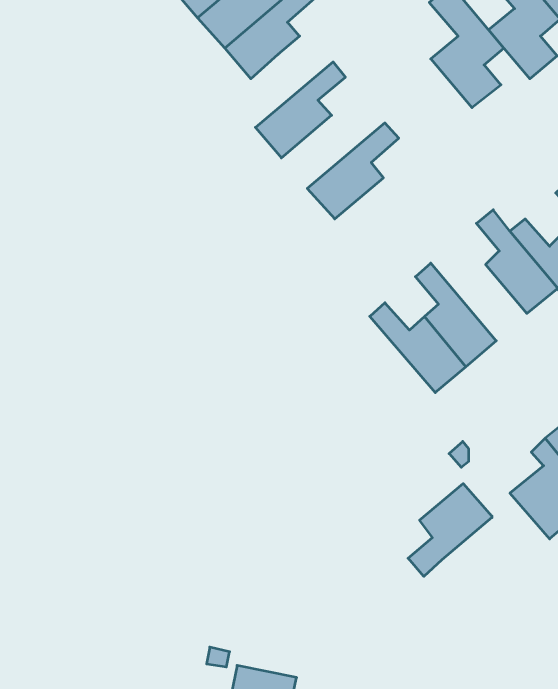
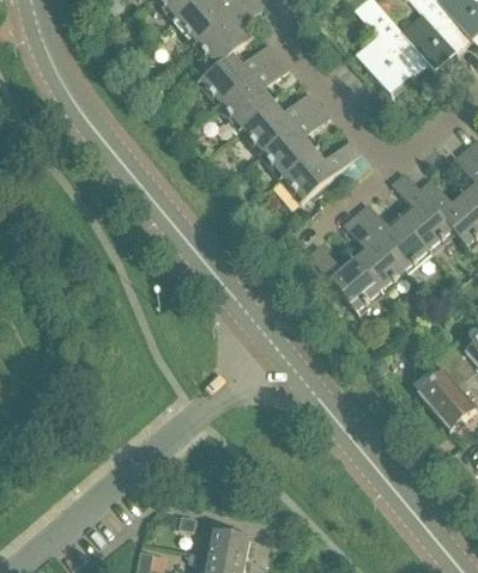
building: none -> [196,42,278,105]
building: none -> [237,90,319,153]
building: none -> [279,138,361,202]
building: none -> [355,201,430,273]
building: [408,484,492,576] -> none

